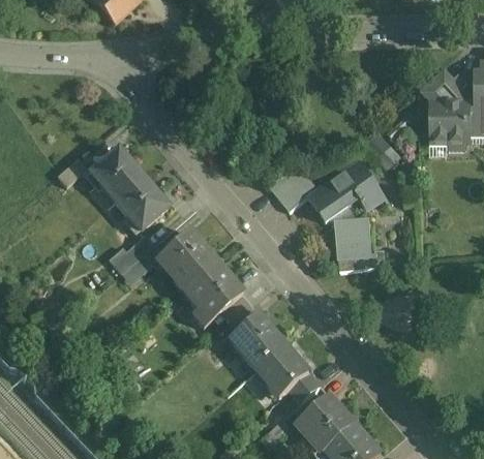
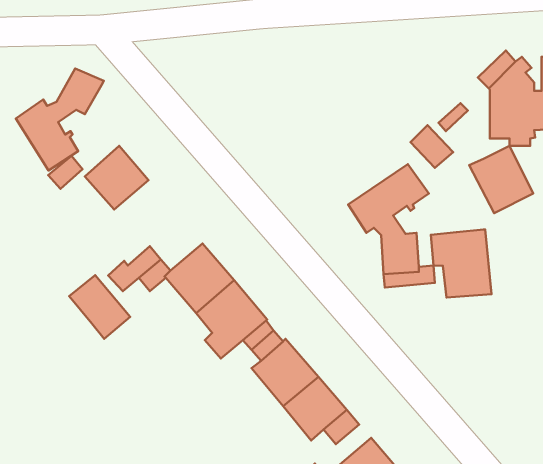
building: none -> [16,69,104,171]
building: none -> [469,146,533,213]
building: [270,165,317,210] -> none
building: [114,178,169,232] -> none
building: none -> [431,230,491,298]
building: none -> [69,275,130,339]

